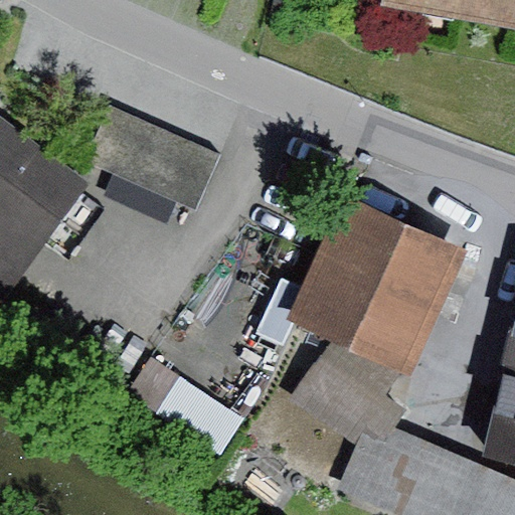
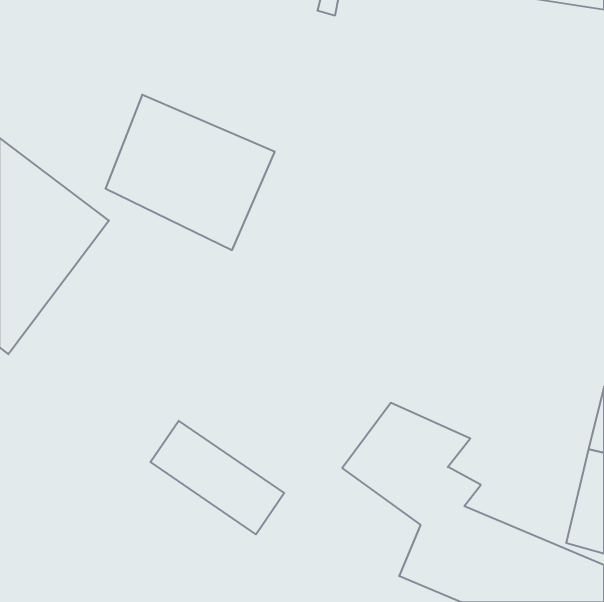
building: [287,199,460,374] -> none

